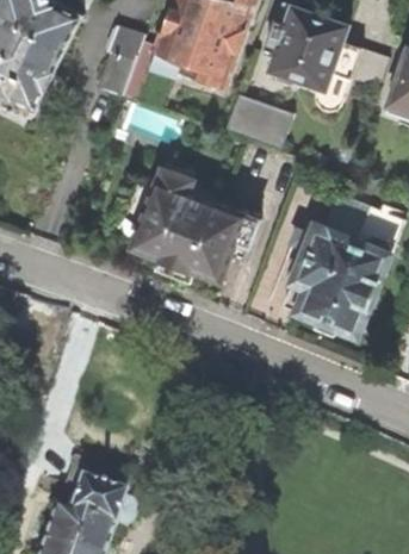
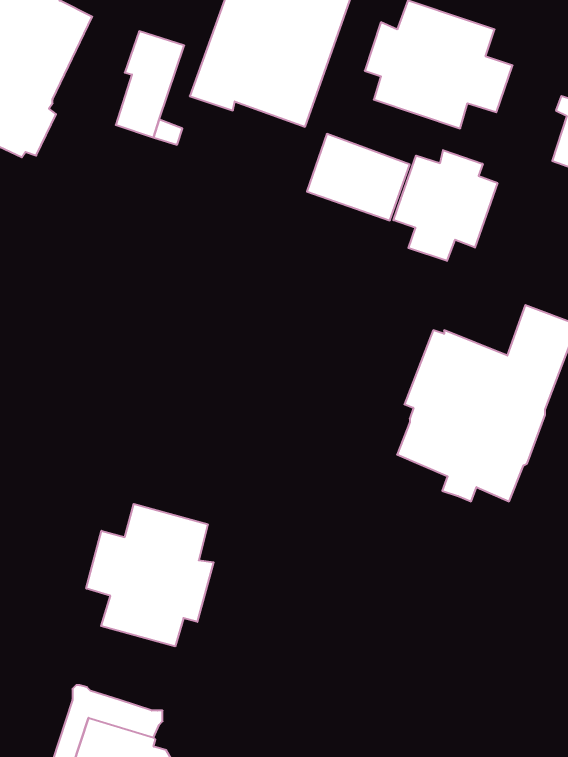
building: none -> [393,150,497,261]
building: [117,167,260,281] -> none
building: none -> [86,504,214,646]

